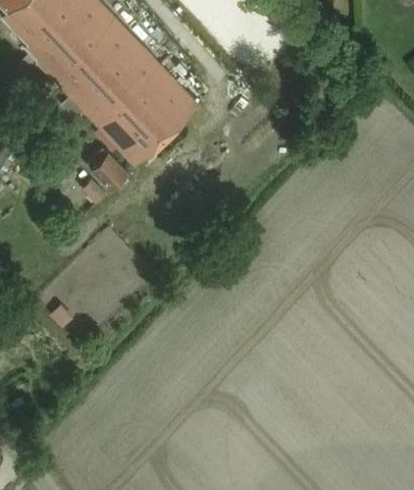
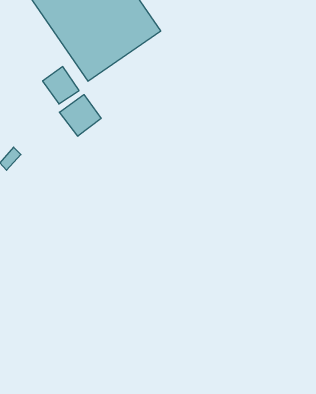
building: none -> [59,95,101,136]

